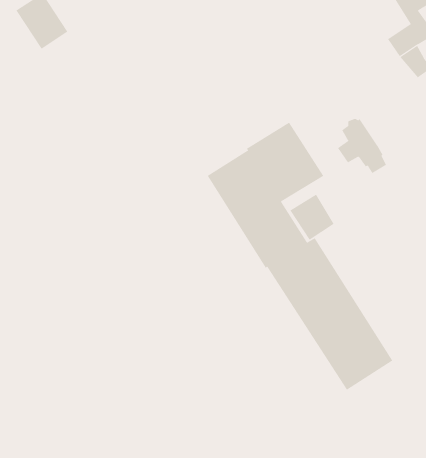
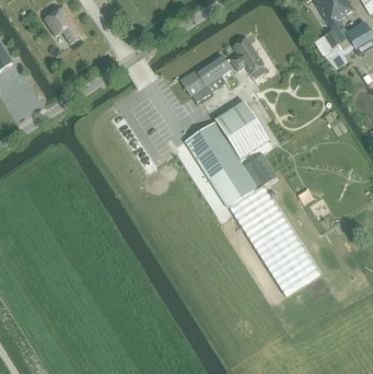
building: none -> [178,52,230,101]
building: [337,118,387,174] -> [229,36,265,77]

